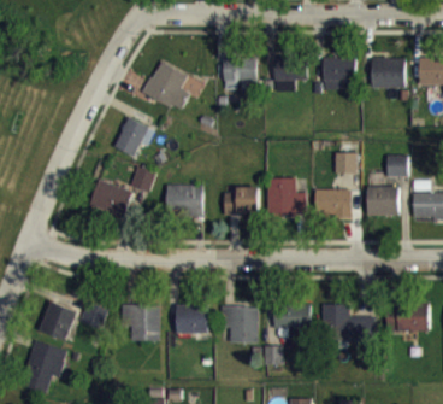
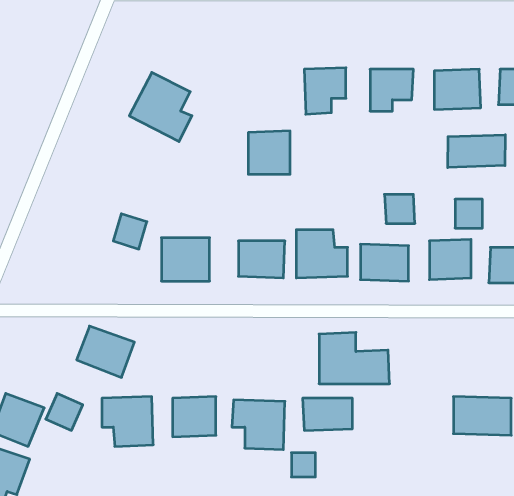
building: [224,57,255,89] -> [248,131,290,174]
building: none -> [448,135,505,168]
building: [114,117,155,157] -> none
building: [90,180,134,218] -> [77,326,134,377]
building: [323,303,376,341] -> [319,332,390,384]

